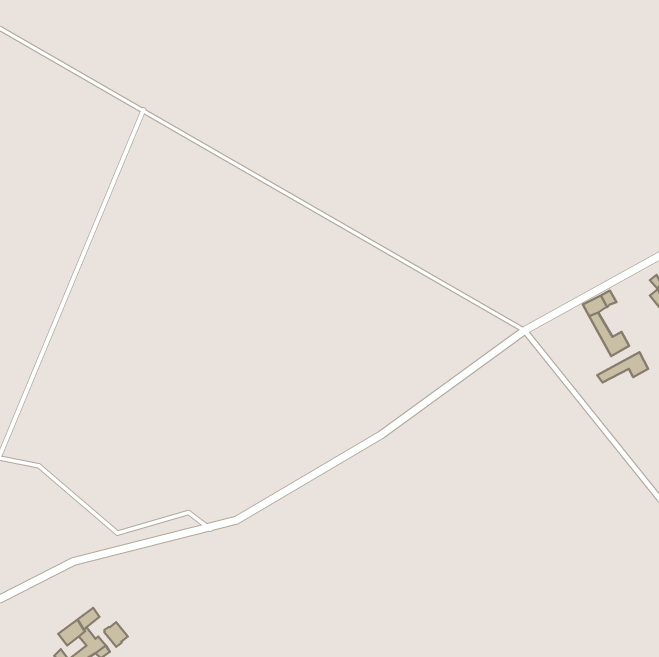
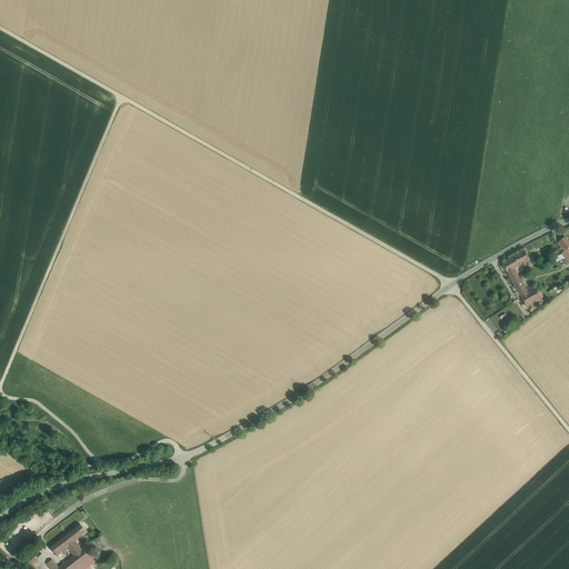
building: [597,352,648,383] -> none

